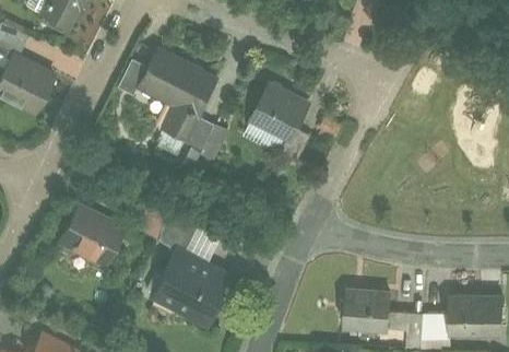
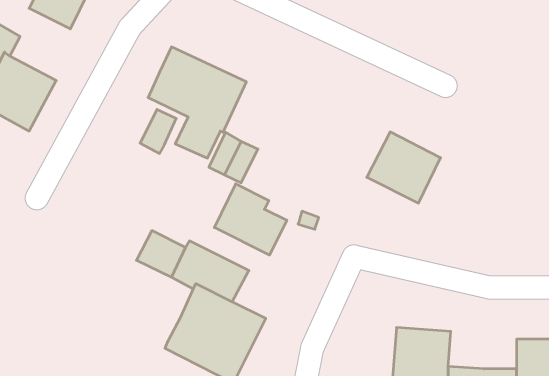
building: [115,61,145,98] -> [140,109,176,153]
building: [248,84,310,144] -> [367,132,441,203]
building: none -> [214,184,287,255]
building: [58,207,123,266] -> none

